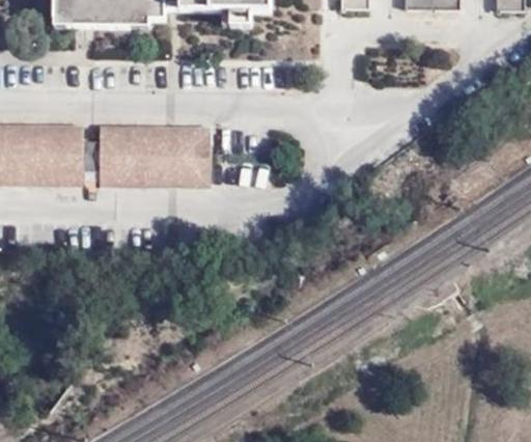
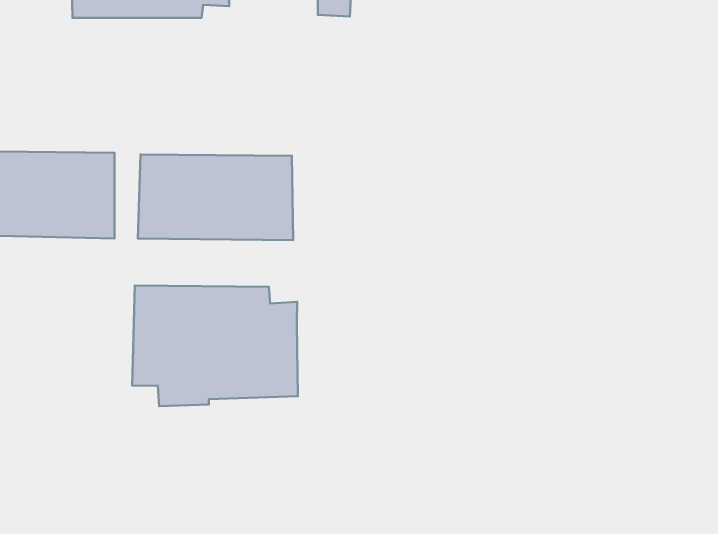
building: none -> [132,286,298,406]

